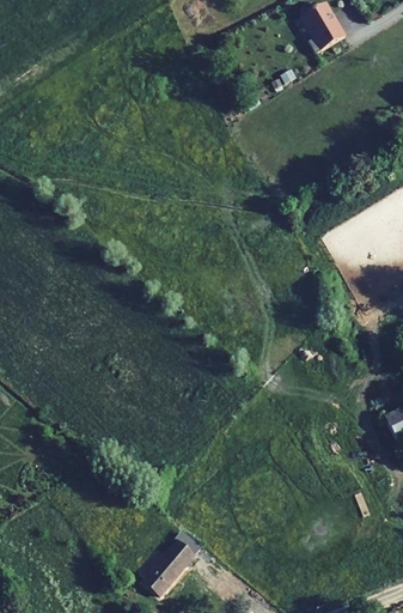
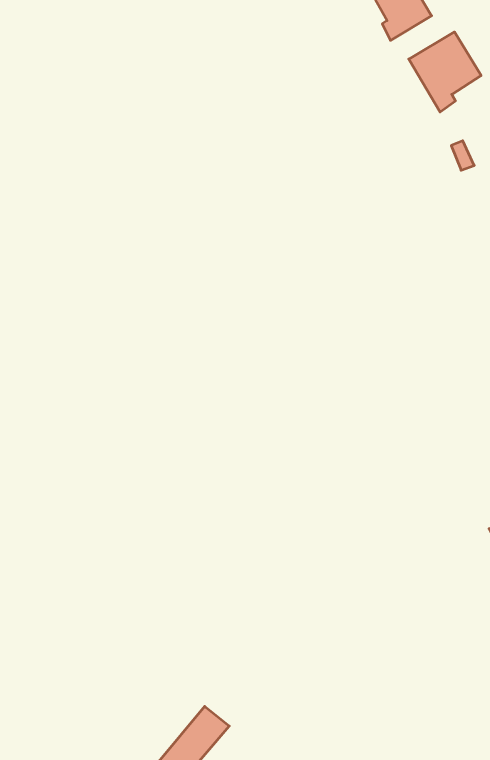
building: none -> [409,32,481,112]

